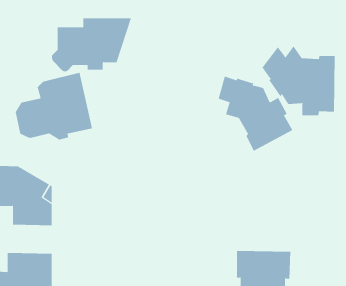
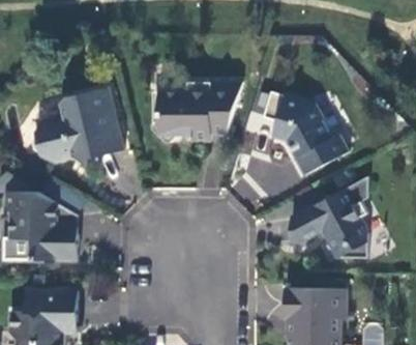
building: [51,18,132,72] -> [150,82,241,143]
building: [262,45,335,116] -> none
building: none -> [289,176,367,258]

